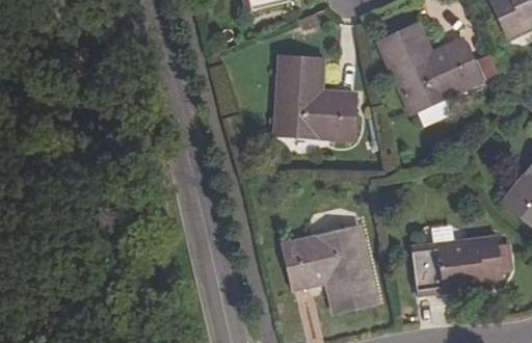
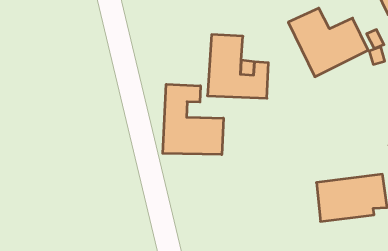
building: none -> [163,84,223,155]
building: [286,226,377,311] -> none

